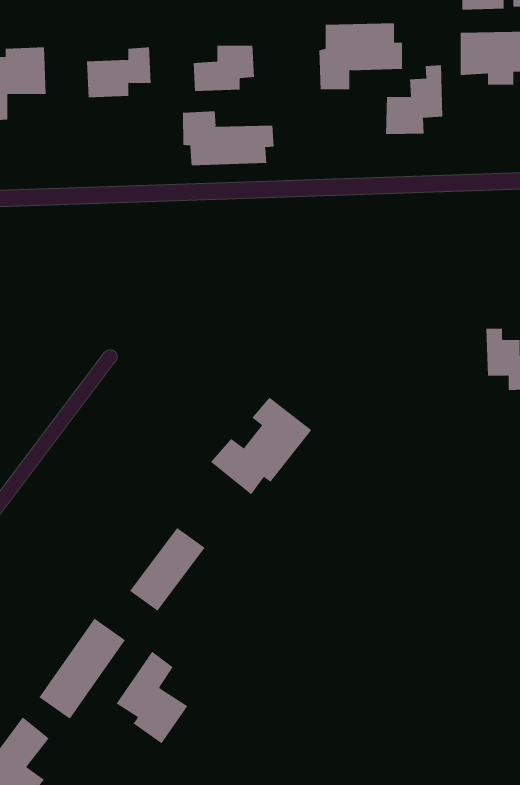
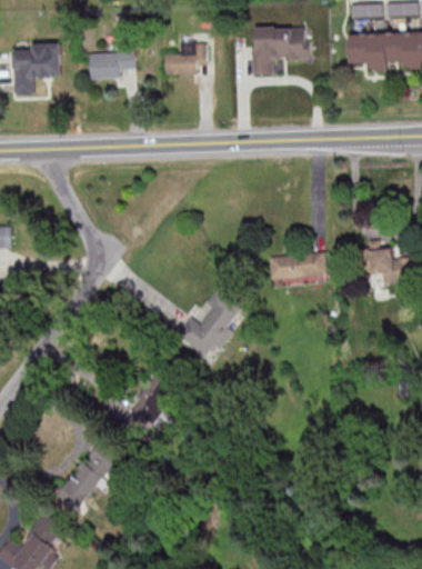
building: [386,65,443,135] -> none
building: [183,110,274,166] -> none
building: none -> [269,253,326,280]
building: [116,651,188,744] -> none

